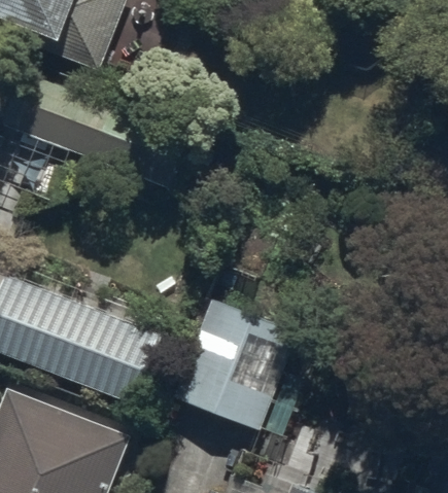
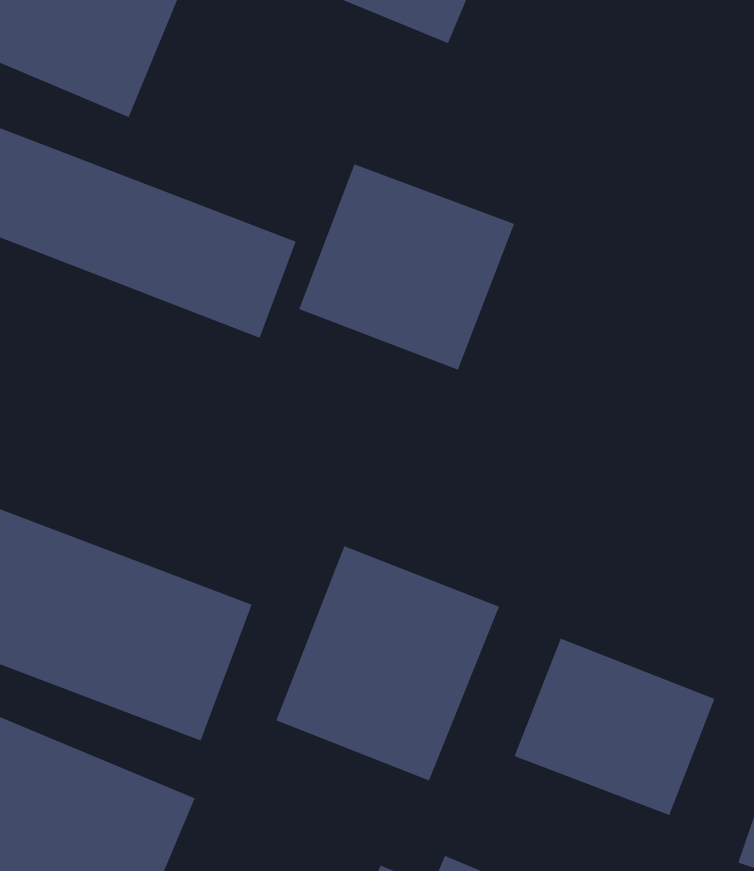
building: none -> [299,164,515,371]
building: none -> [514,638,715,816]

